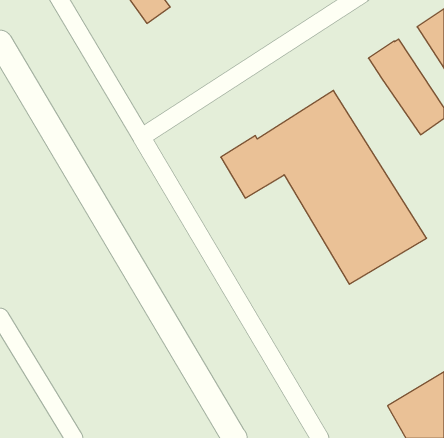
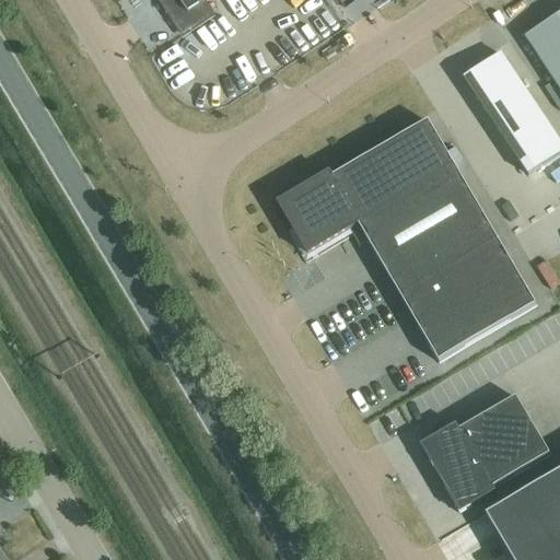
building: none -> [421,392,551,509]

